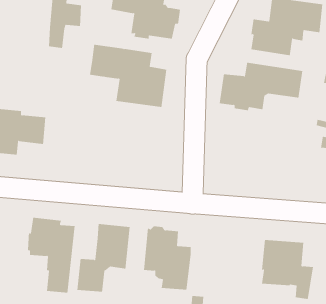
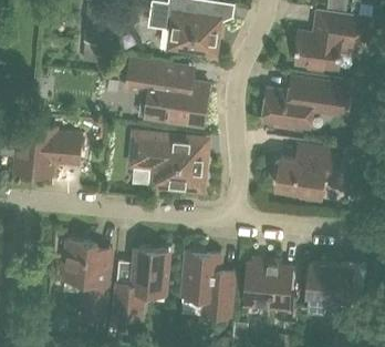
building: none -> [131,133,207,191]
building: none -> [273,145,342,201]
building: none -> [243,259,292,309]

